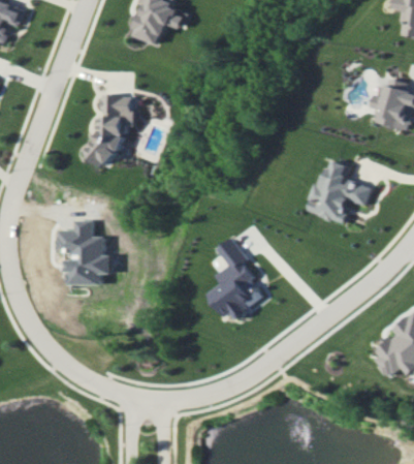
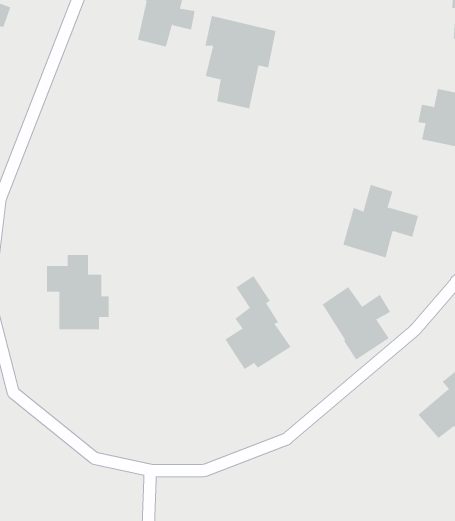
building: none -> [205,15,276,109]
building: [85,94,134,162] -> none
building: none -> [322,286,391,360]

